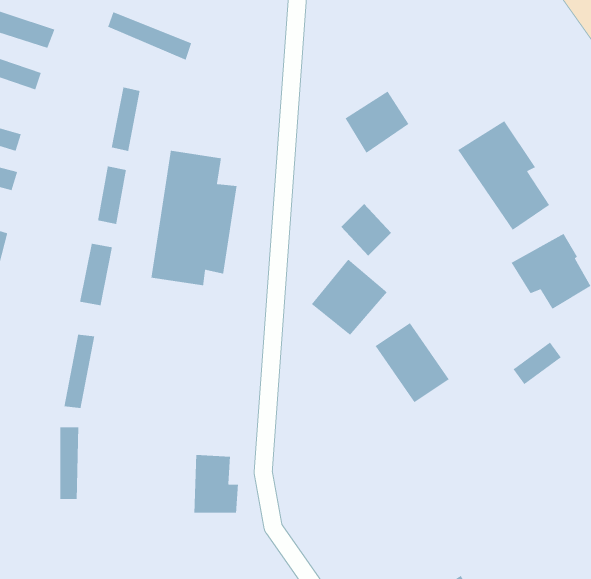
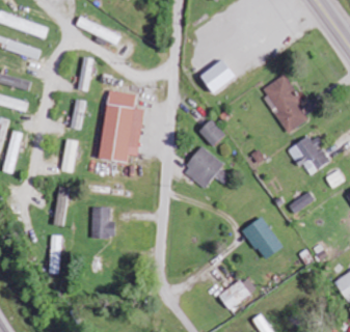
building: [375,322,450,403] -> [243,217,282,259]
building: [193,454,239,514] -> [91,206,115,238]
building: none -> [219,276,257,310]

